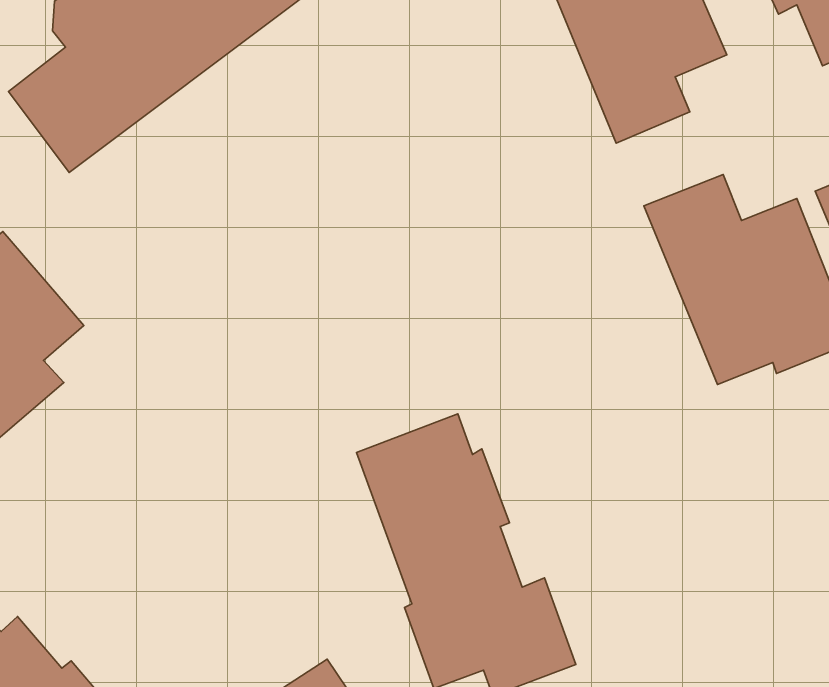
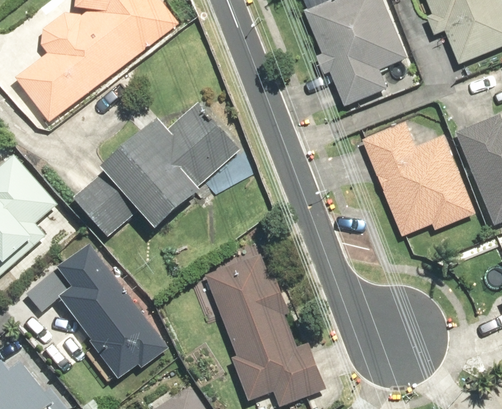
building: none -> [71,100,240,237]
building: none -> [57,242,168,377]

